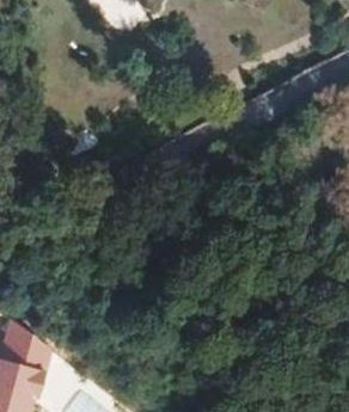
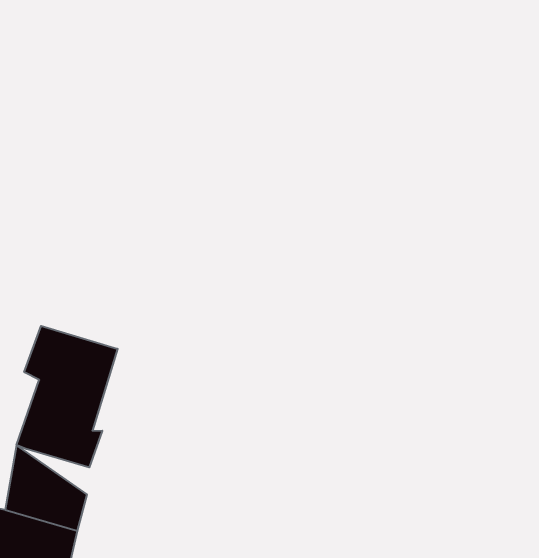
building: none -> [17,326,118,467]

